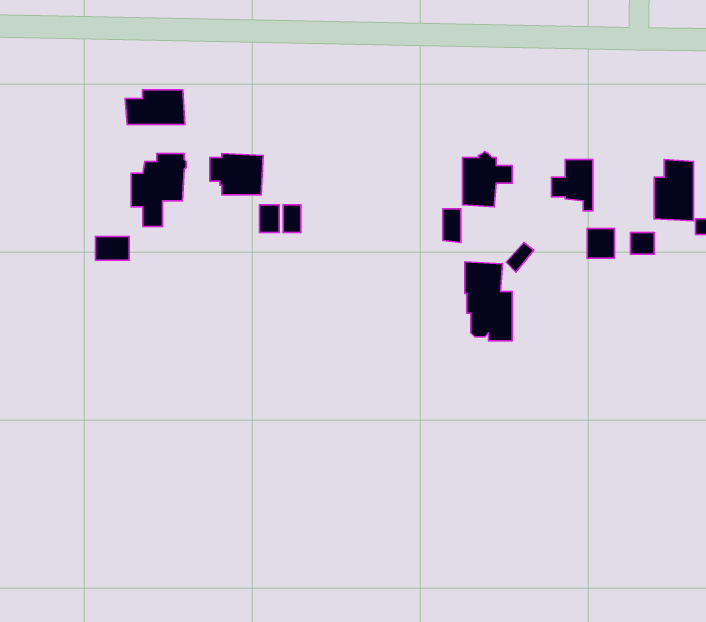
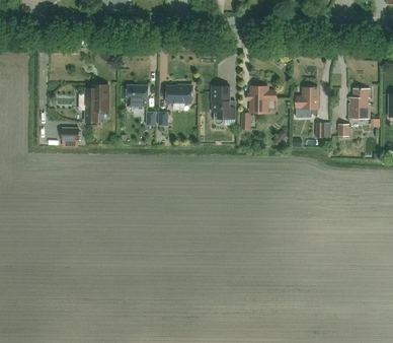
building: [125,90,185,124] -> none
building: none -> [166,84,192,102]
building: [465,262,512,341] -> [211,85,235,126]

